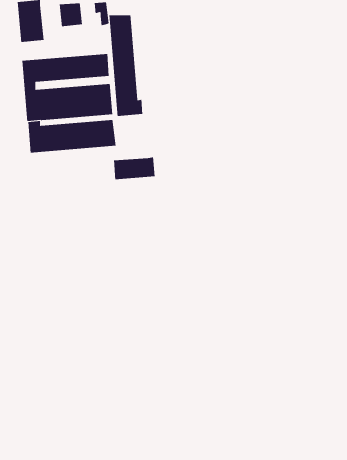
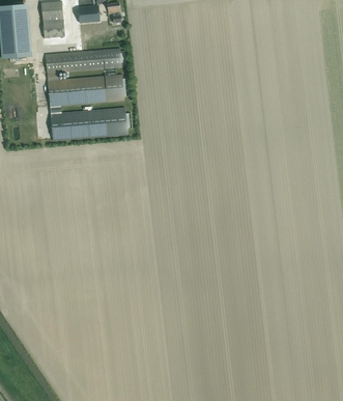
building: [109,14,143,117] -> none
building: [113,157,155,180] -> none

